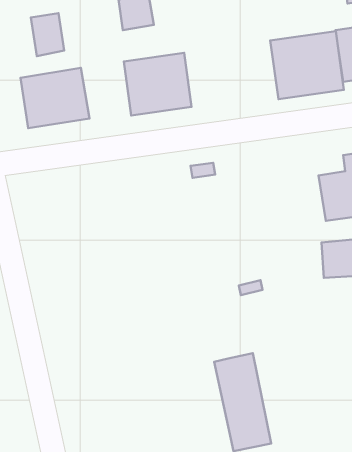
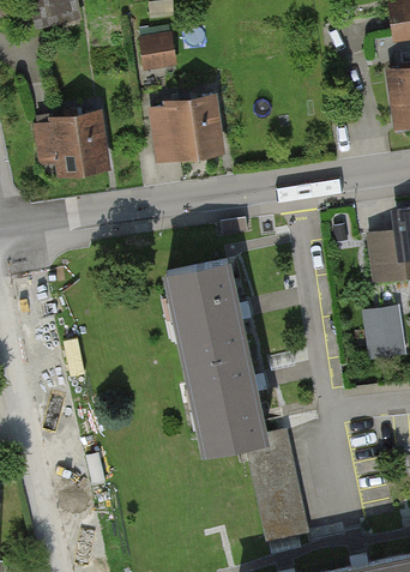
building: [31,13,64,56] -> none
building: [270,31,344,99] -> none
building: none -> [170,260,263,450]

